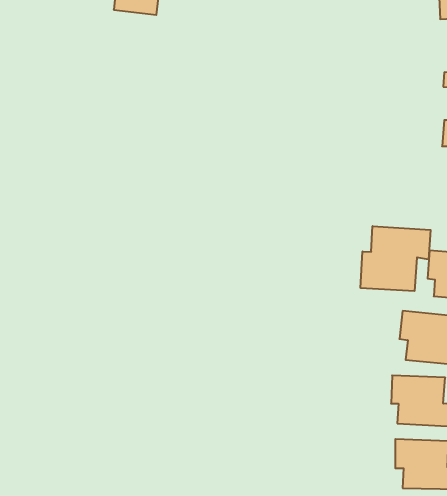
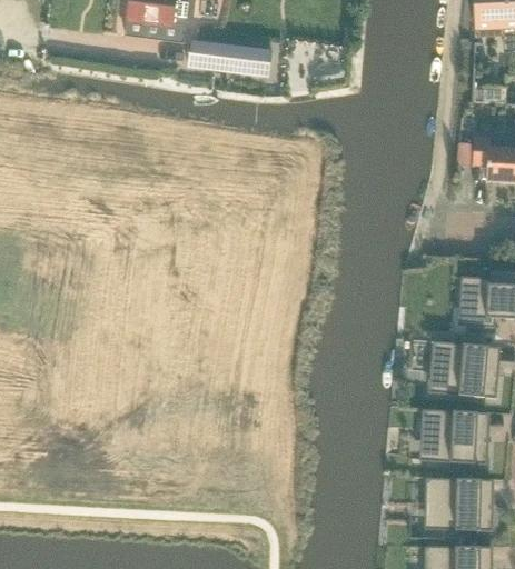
building: none -> [187,39,270,76]
building: [361,226,431,291] -> none

